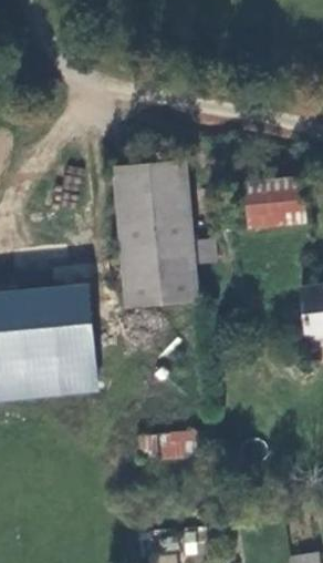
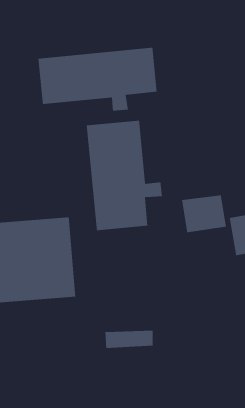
building: none -> [38,47,157,112]
building: [242,180,301,229] -> [181,194,227,233]

